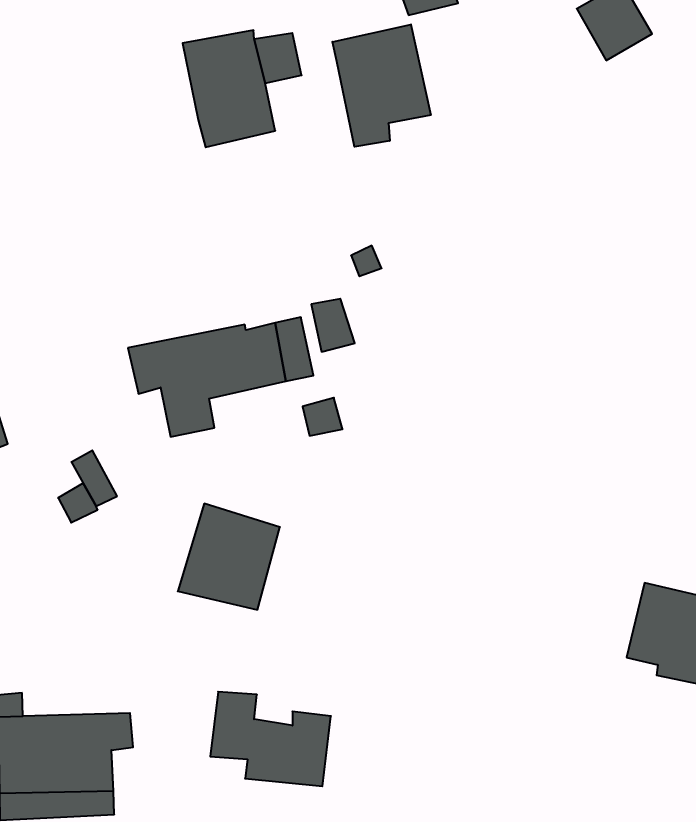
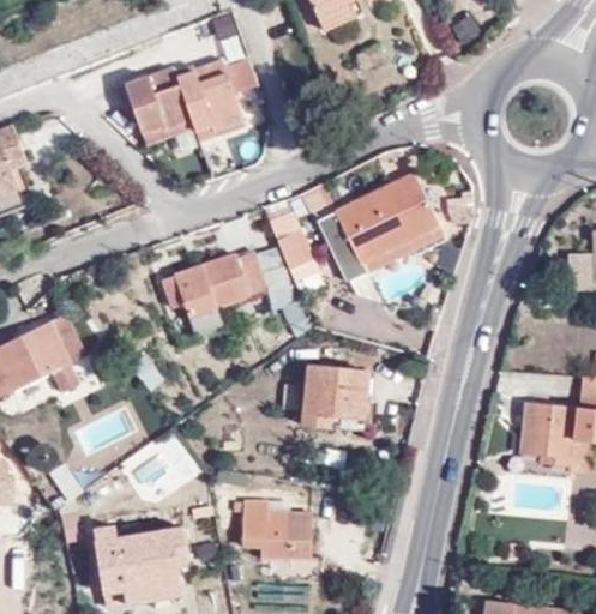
building: [332,24,431,147] -> none
building: none -> [106,66,186,133]
building: none -> [313,174,443,285]
building: [178,504,280,610] -> [309,363,373,431]

